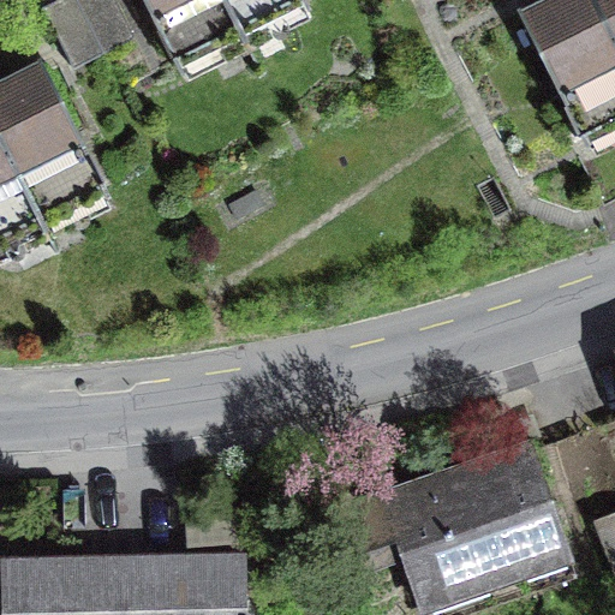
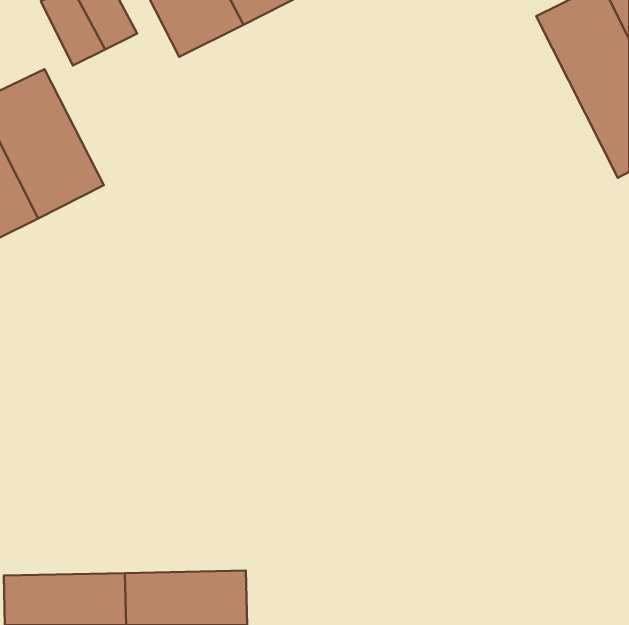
building: [342,441,566,602] -> none

